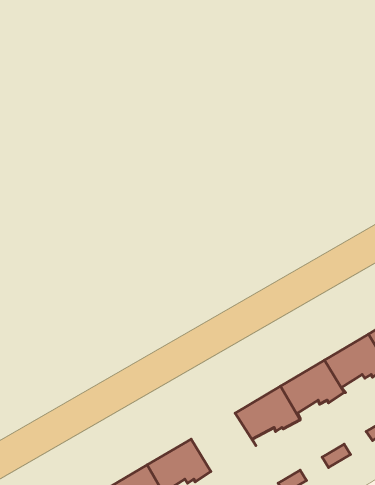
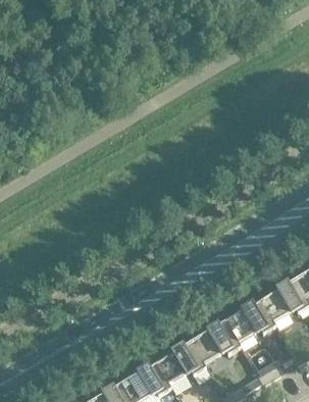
building: none -> [154,341,205,387]

